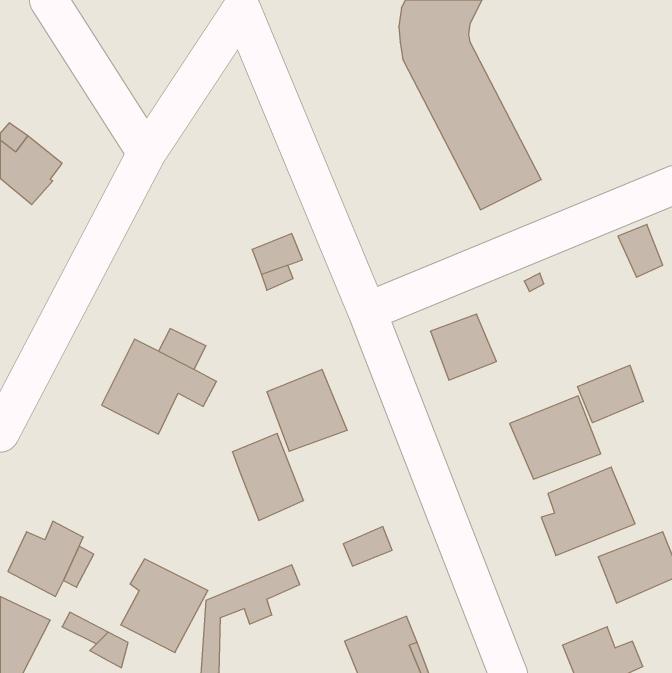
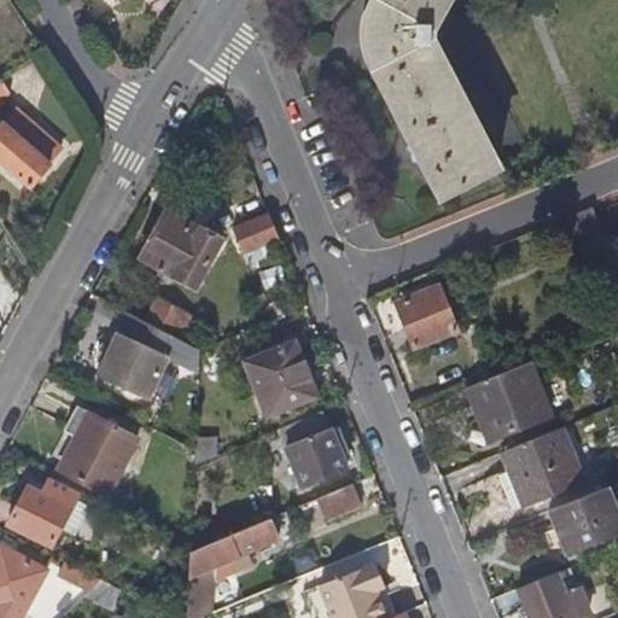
building: none -> [141,215,220,288]
building: [577,365,643,423] -> none
building: [232,433,304,520] -> [281,410,346,490]
building: [121,559,208,653] -> [59,408,139,494]

